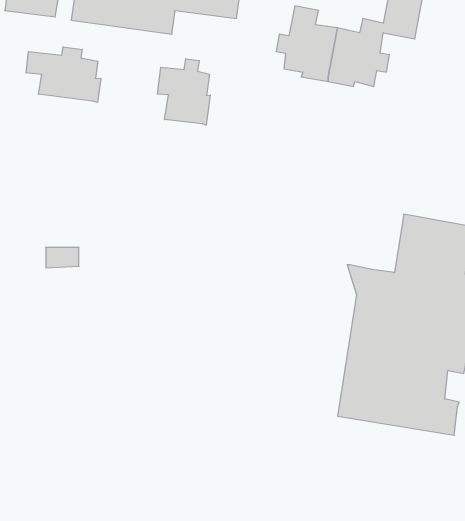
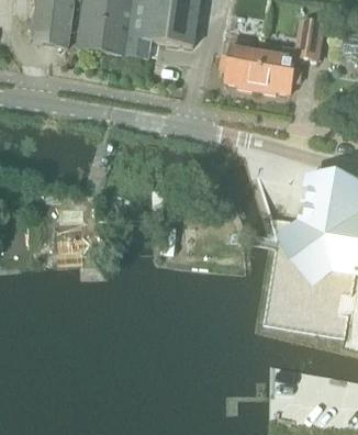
building: [26,47,101,102] -> none
building: [157,59,210,125] -> none

